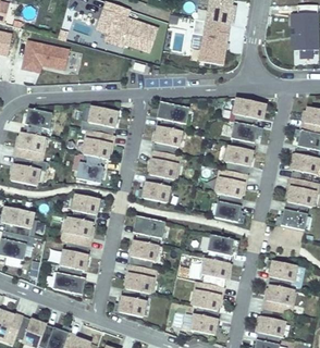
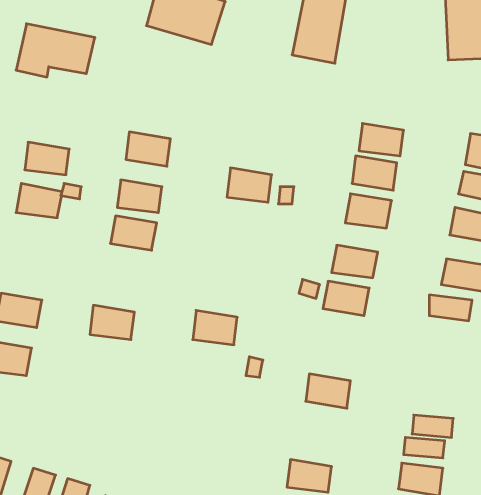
building: [156,102,185,124] -> none
building: [148,159,177,181] -> none
building: [14,164,44,185] -> none
building: [141,183,170,204] -> none
building: [72,194,101,214] -> none
building: [208,233,236,254] -> none
building: [127,243,156,264] -> none
building: [60,249,89,271] -> none
building: [271,261,300,281] -> none
building: [123,272,151,294] -> none
building: [54,273,83,295] -> none
building: [194,287,223,309] -> none
building: [118,298,146,319] -> none

